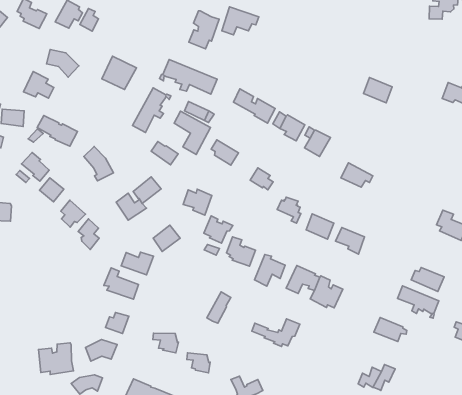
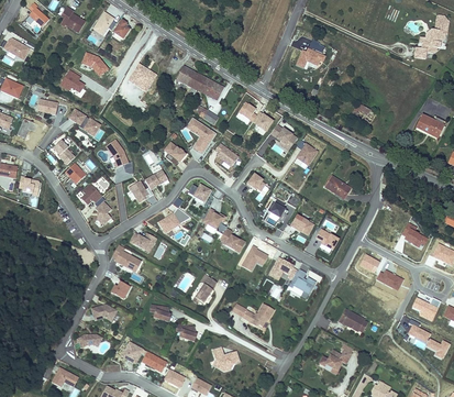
building: [222,7,259,35] -> [294,44,326,68]
building: [189,11,219,49] -> none
building: [132,88,171,132] -> none
building: [397,286,439,318] -> none
building: [38,343,73,374] -> none

